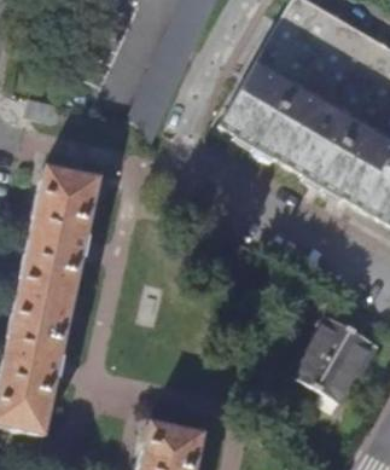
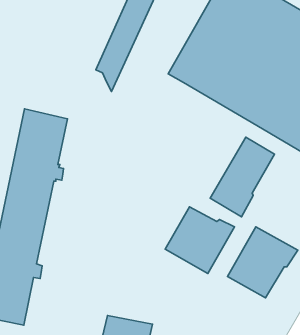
building: none -> [210,137,274,217]
building: none -> [165,207,235,273]

